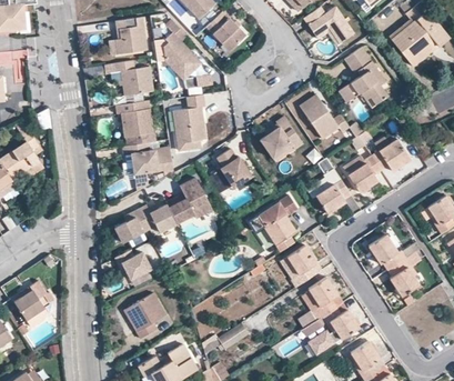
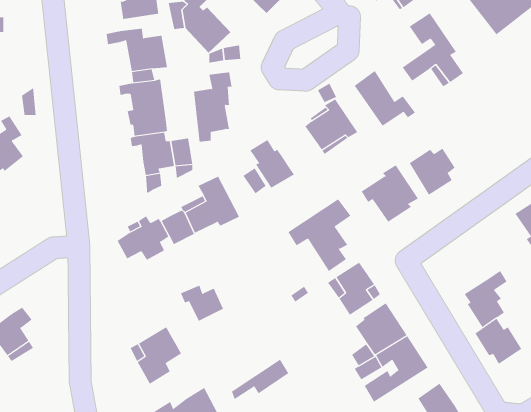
building: [371,137,411,172] -> none
building: [369,234,406,271] -> [474,318,522,364]
building: [114,252,149,281] -> [180,285,224,321]

